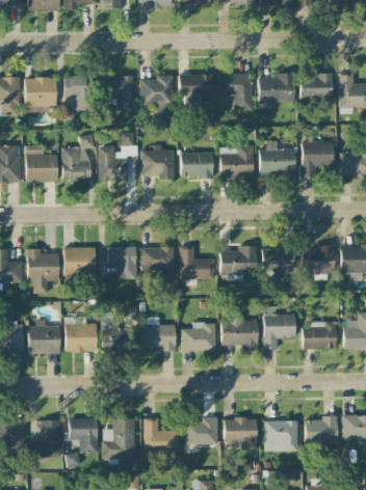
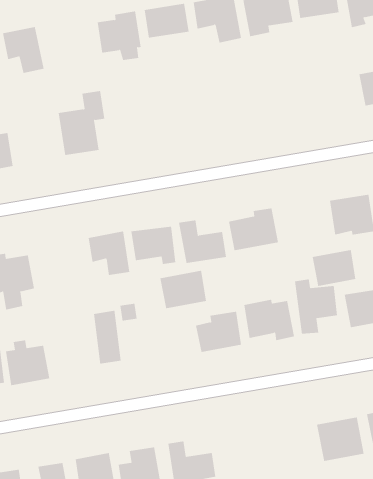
building: [107,75,134,111] -> none
building: [61,135,94,182] -> none
building: [259,141,295,178] -> none
building: [302,142,334,178] -> none
building: [219,146,253,178] -> none
building: [141,147,175,178] -> none
building: [181,153,213,178] -> none
building: [63,247,96,275] -> none
building: [262,248,294,273] -> [312,249,356,286]
building: [64,321,97,352] -> none
building: [141,324,176,350] -> [160,270,207,309]
building: [184,417,218,445] -> none
building: [224,417,257,450] -> none

